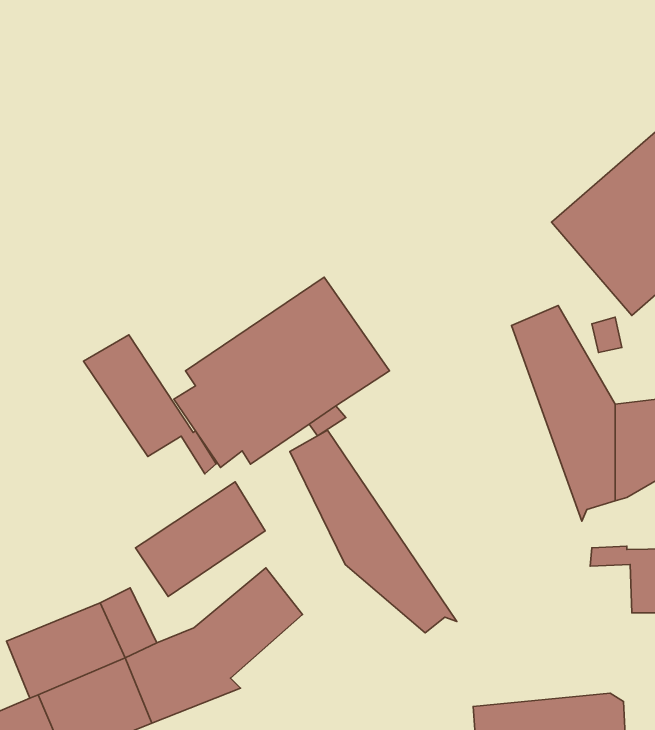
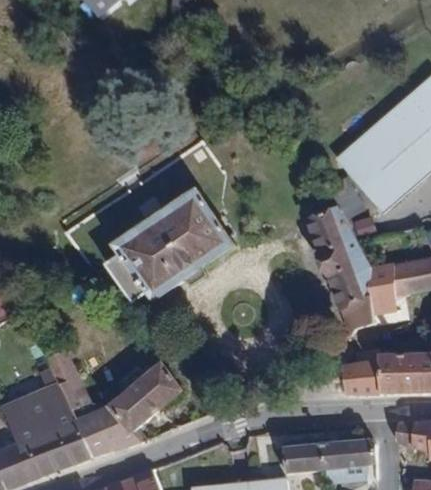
building: [83,335,216,474] -> none
building: [290,430,457,633] -> none
building: [136,482,265,596] -> none
building: none -> [342,362,379,395]

